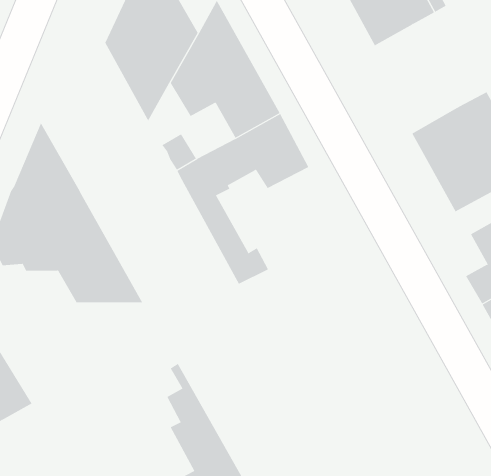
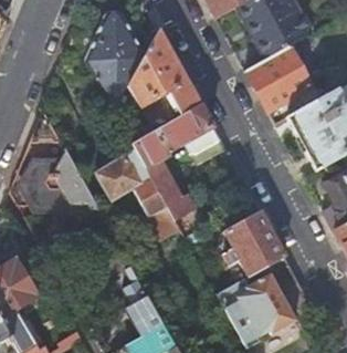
building: none -> [245,45,318,124]
building: none -> [95,148,180,239]
building: none -> [223,210,284,276]
building: none -> [217,273,311,336]

